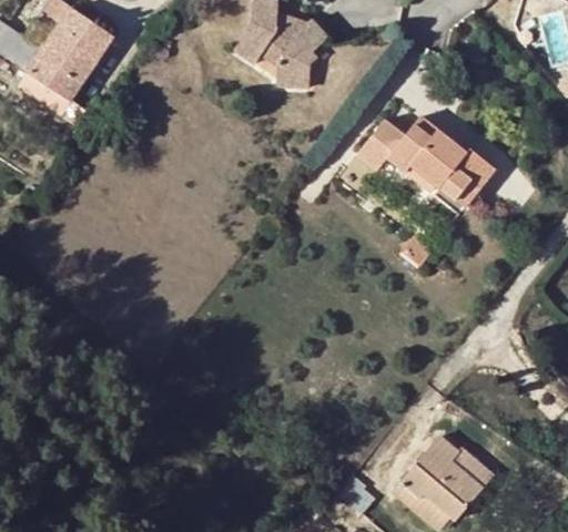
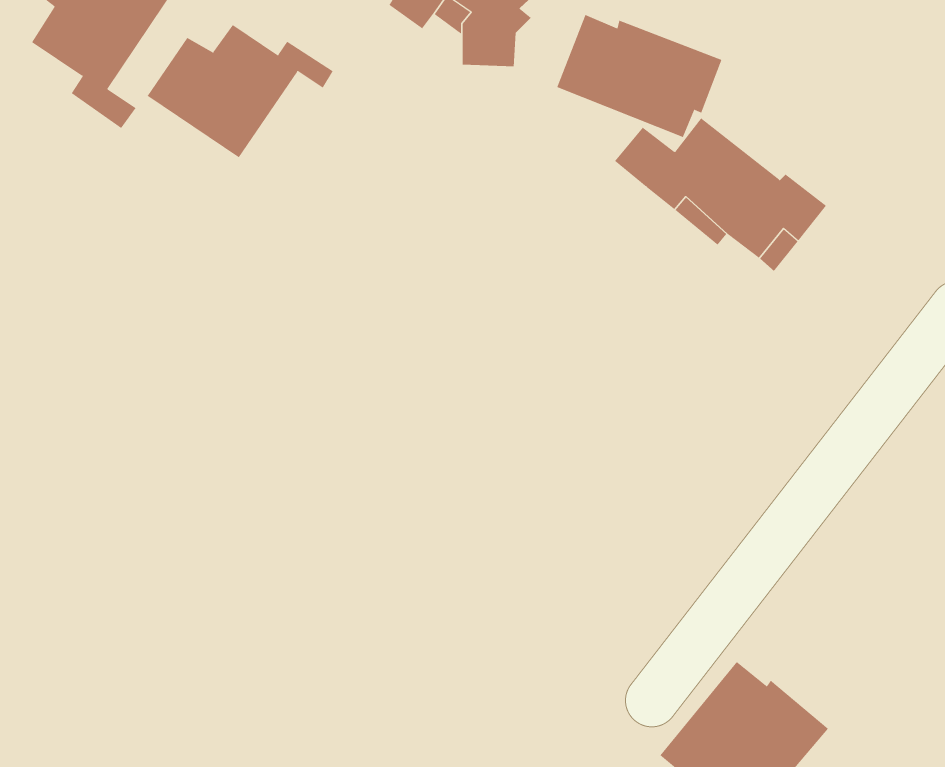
building: none -> [557,14,722,138]
building: none -> [147,24,334,158]

